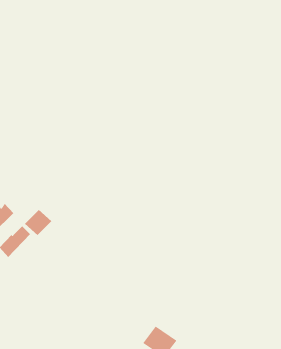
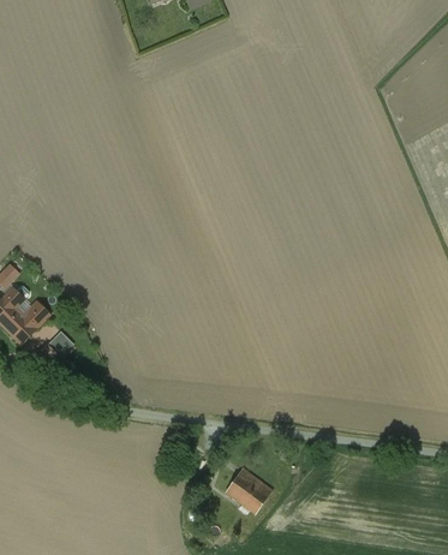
building: [24,209,52,236] -> none

